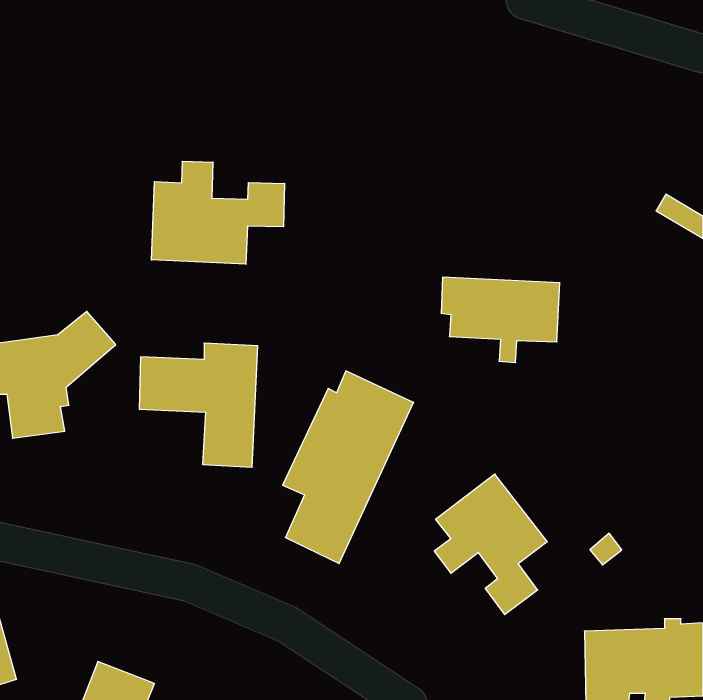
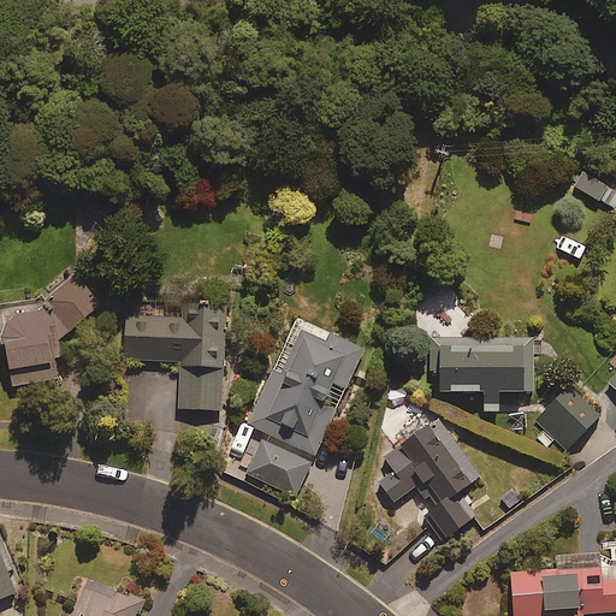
building: [151,161,285,264] -> none
building: [441,277,560,363] -> [431,339,534,414]
building: none -> [533,387,598,461]

